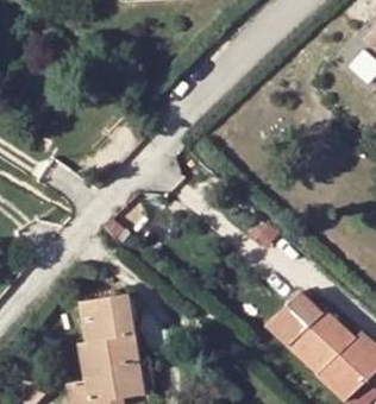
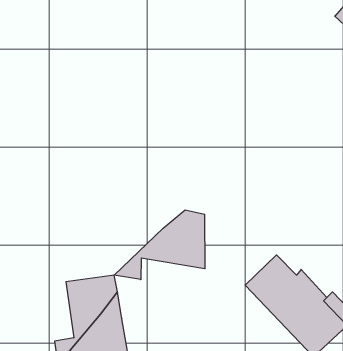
building: none -> [114,210,205,280]

